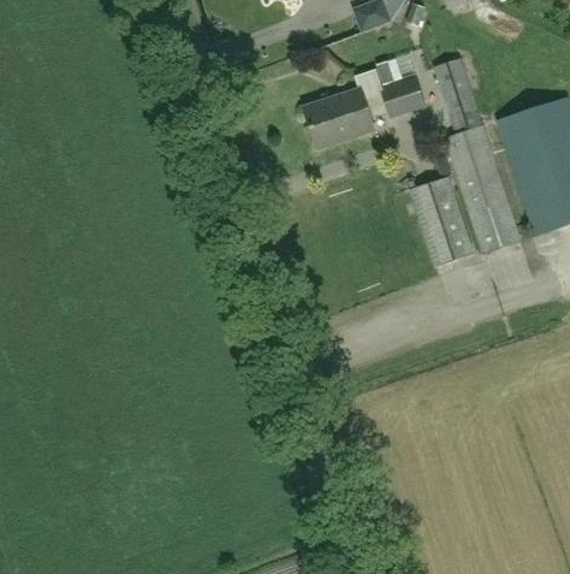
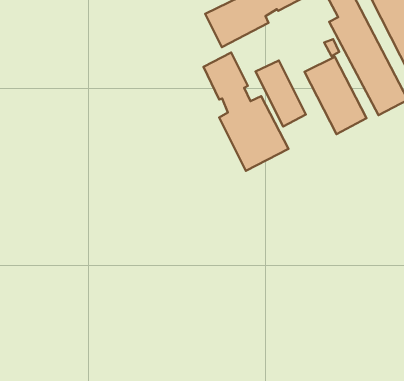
building: none -> [204,53,289,171]
building: none -> [256,61,306,126]

